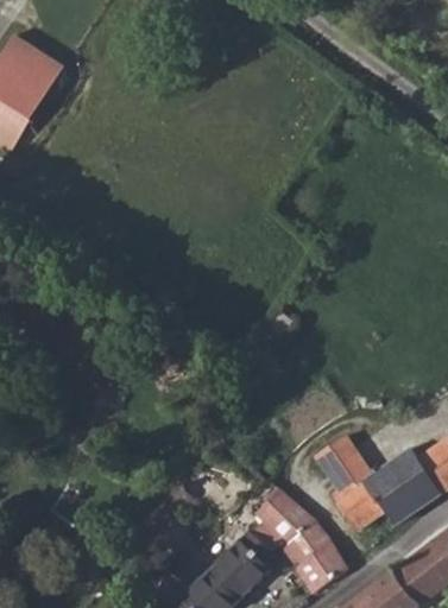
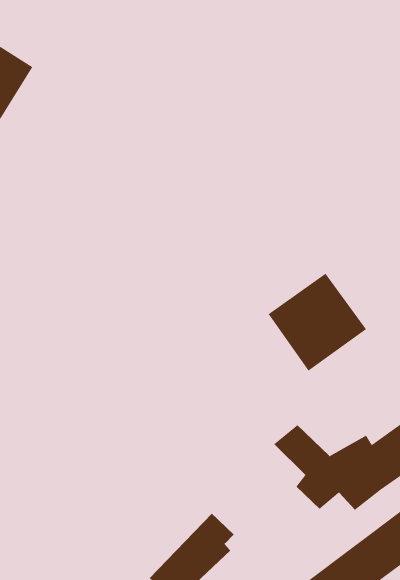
building: none -> [268,273,367,372]
building: [254,487,346,591] -> none

